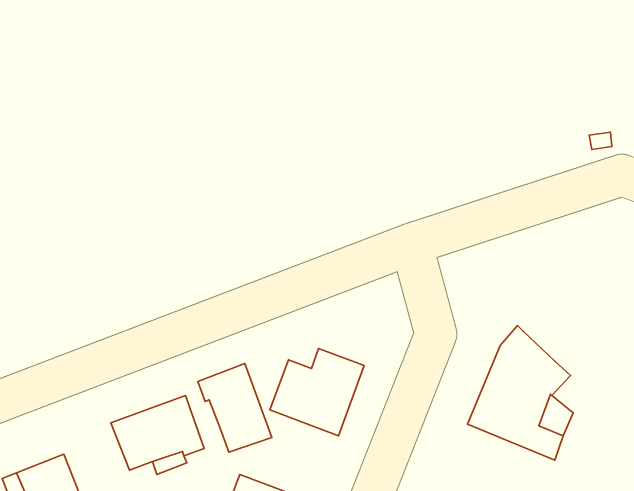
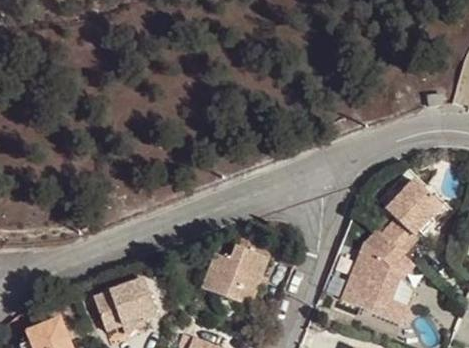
building: none -> [380,179,441,254]
building: [198,364,272,452] -> none

